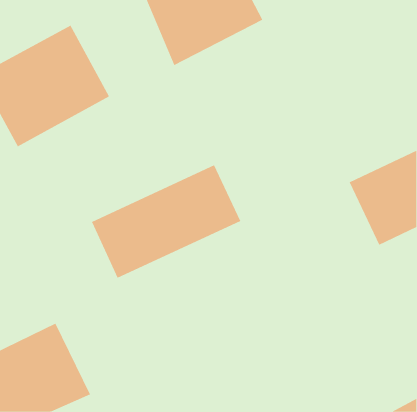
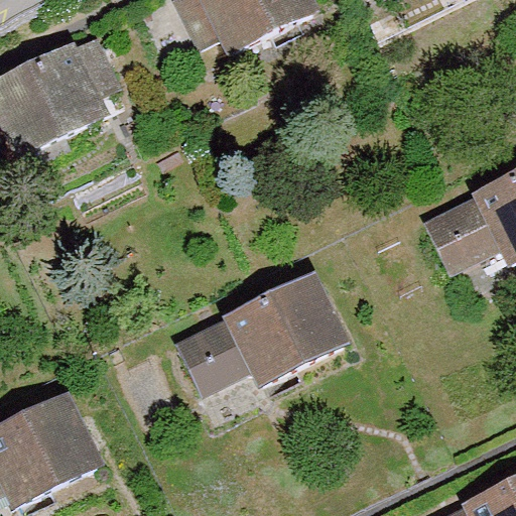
building: [91,164,241,278] -> [168,275,350,413]

